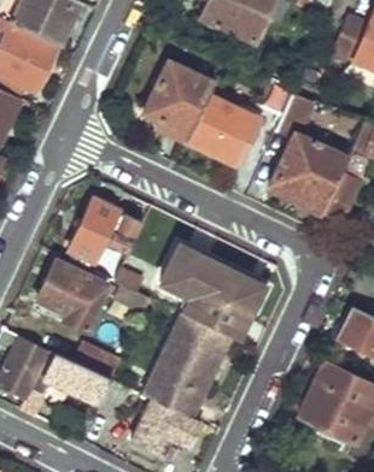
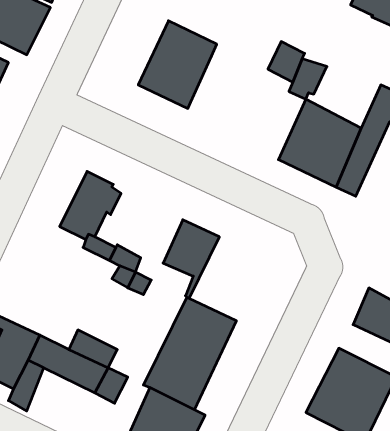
building: [186,94,258,166] -> none
building: [187,260,262,340] -> none
building: [36,261,109,332] -> none

